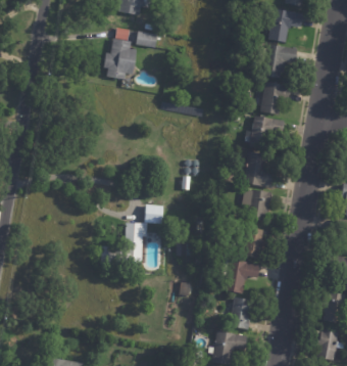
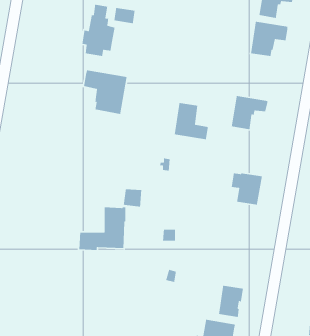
building: [255,82,286,115] -> none
building: none -> [83,69,127,115]
building: [244,151,278,188] -> [174,102,209,140]
building: [243,228,266,259] -> none
building: [225,259,263,294] -> none

